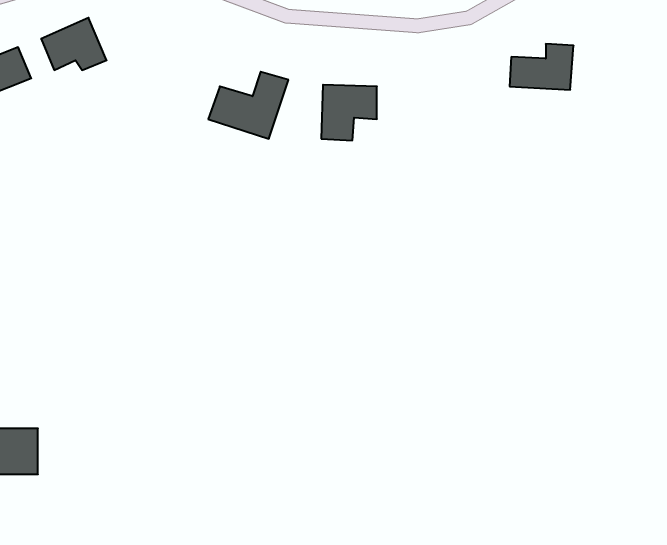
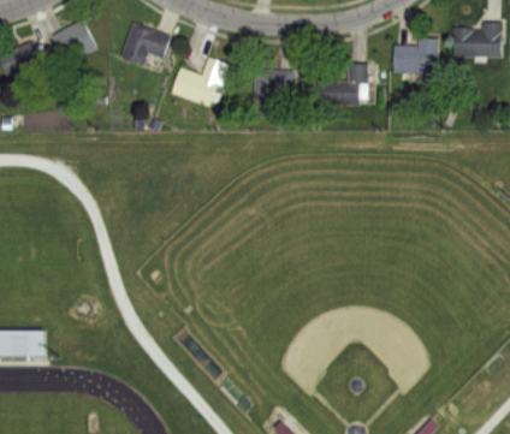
building: none -> [455,22,500,57]
building: none -> [117,26,167,67]
building: none -> [315,65,367,105]

